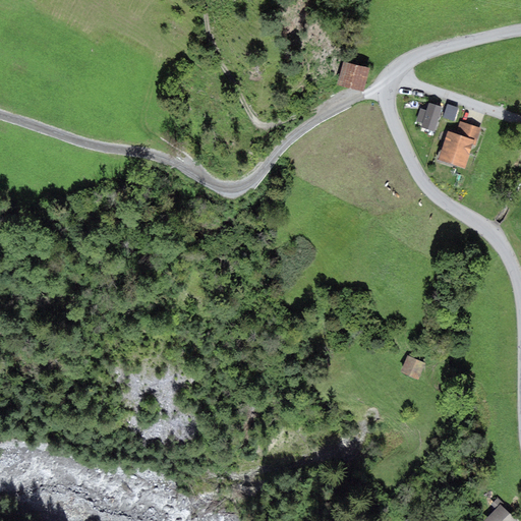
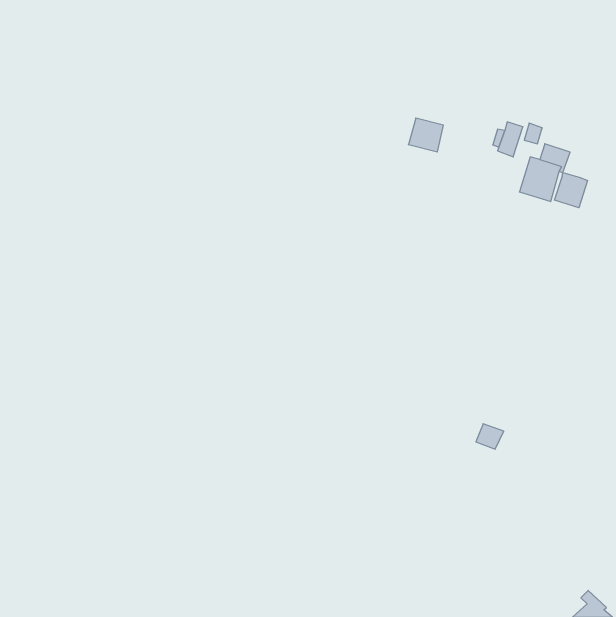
building: [339,62,368,91] -> [408,118,443,152]
building: none -> [554,173,587,208]

